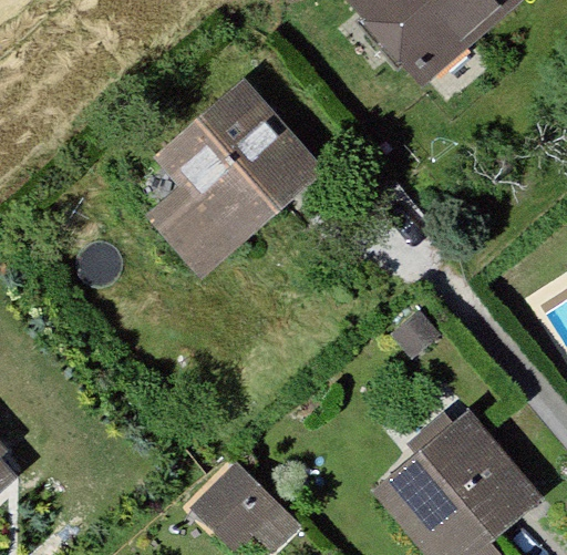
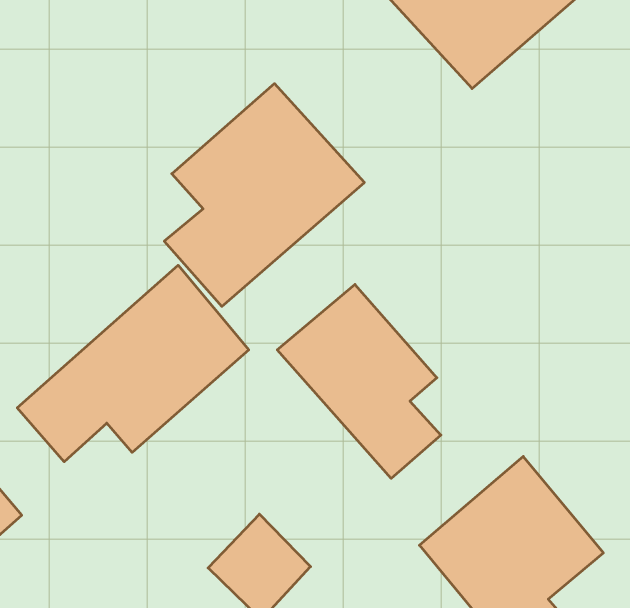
building: none -> [17,265,249,462]
building: none -> [277,284,441,478]

